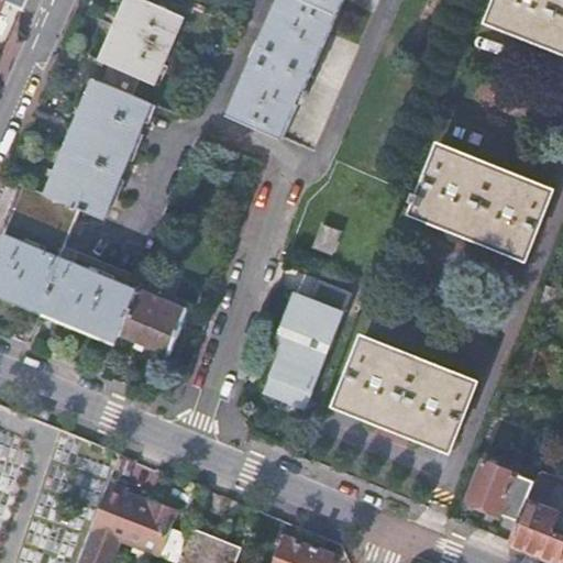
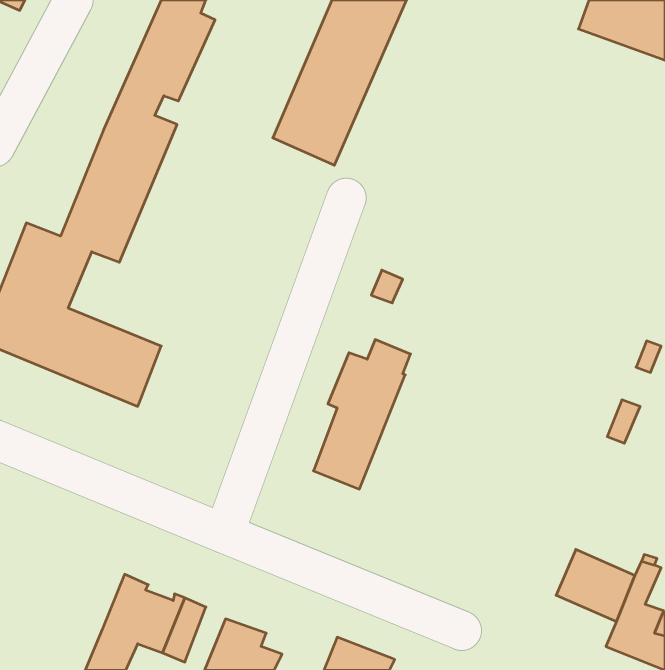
building: [408,146,551,258] -> none
building: [118,289,187,356] -> none
building: [333,339,475,451] -> none

